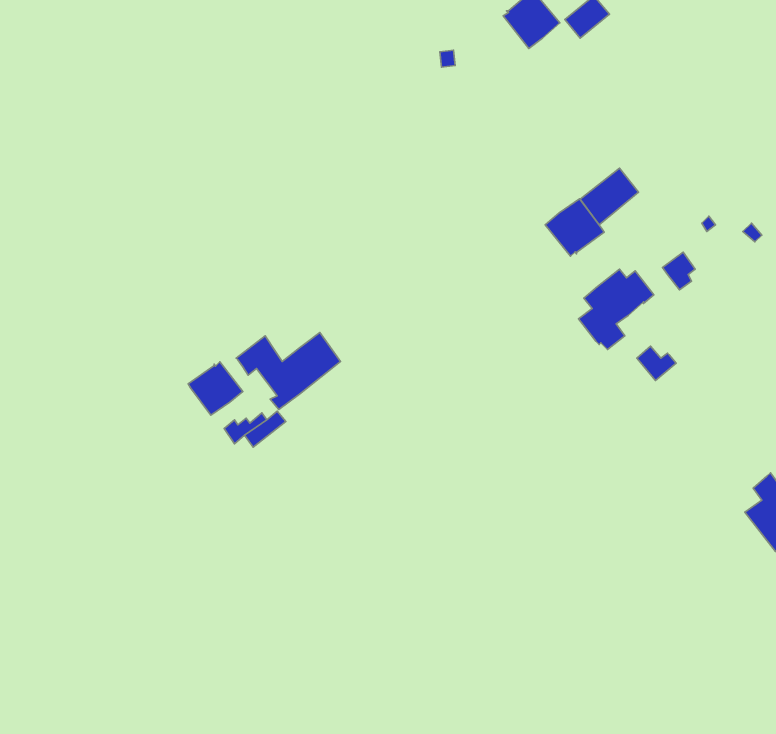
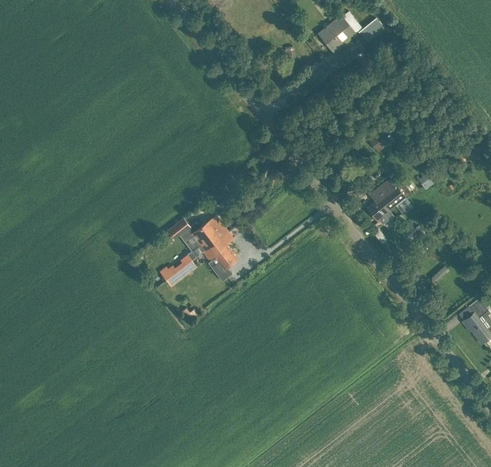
building: [545,199,604,256] -> none
building: none -> [203,233,237,269]
building: [188,362,243,415] -> none

